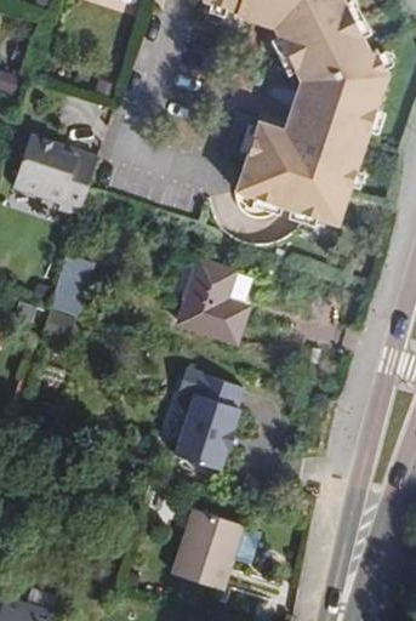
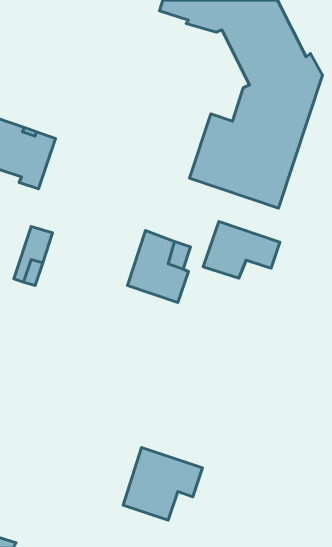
building: none -> [203,221,280,278]
building: [172,368,240,469] -> none

